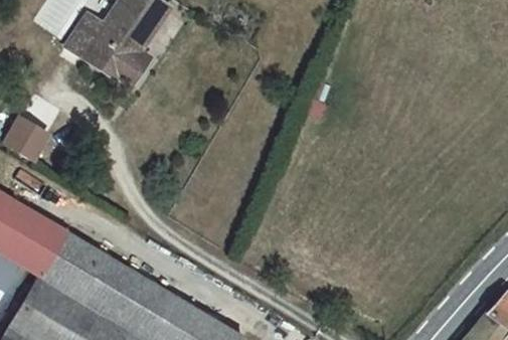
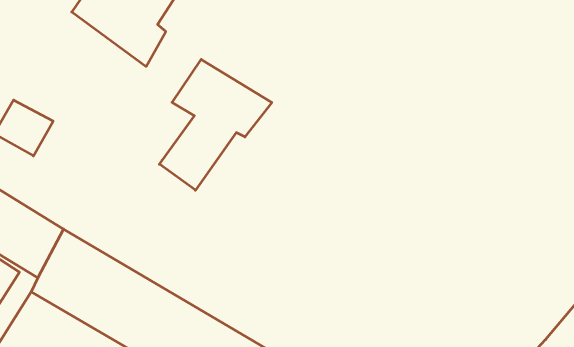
building: none -> [159,59,272,190]

